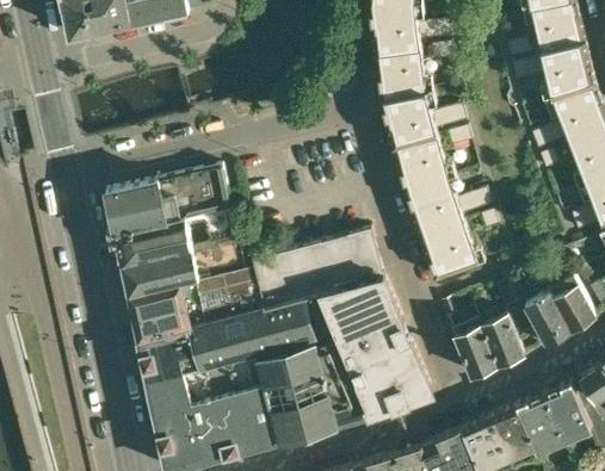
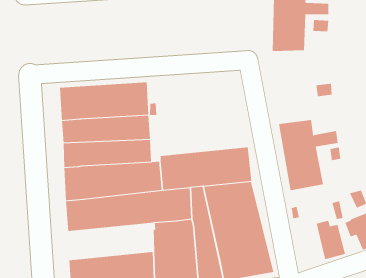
building: [382,93,467,197] -> none
building: [451,322,496,379] -> none
building: [147,355,266,423] -> none

